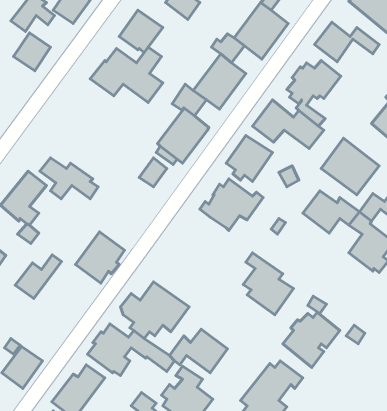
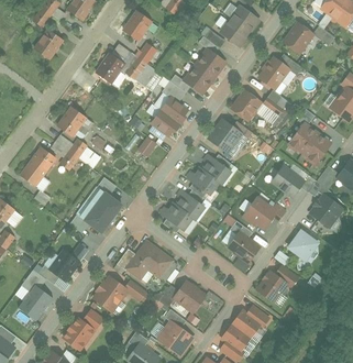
building: none -> [55,103,96,138]
building: none -> [159,183,212,229]
building: none -> [238,191,287,229]
building: [15,255,61,298] -> [51,250,89,286]
building: none -> [286,223,321,260]

